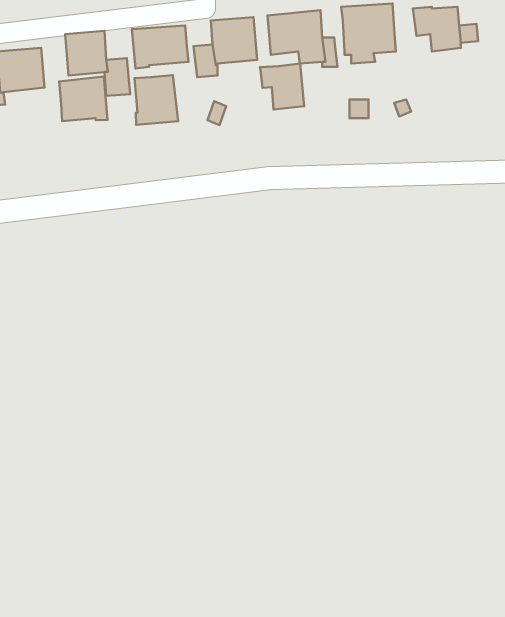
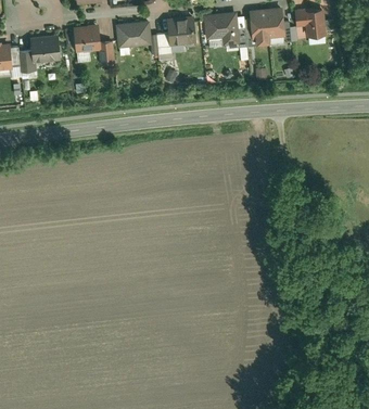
building: [260,63,304,109] -> none
building: [135,75,178,125] -> none
building: [59,77,107,121] -> none

